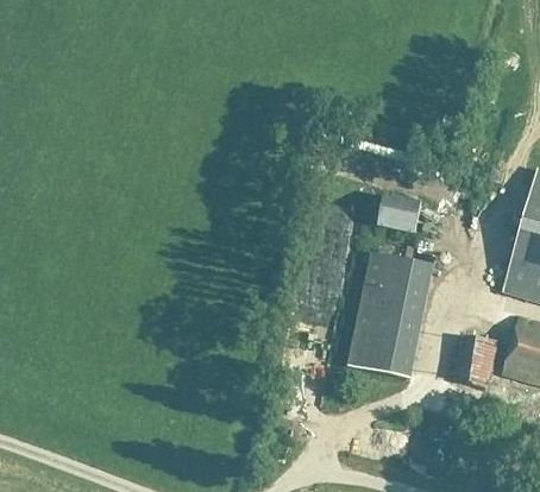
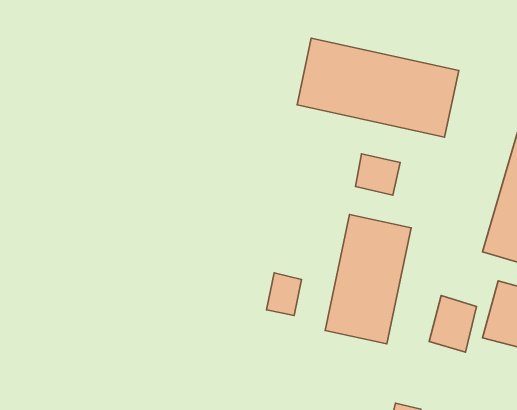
building: none -> [297,38,459,137]
building: none -> [266,273,302,315]

